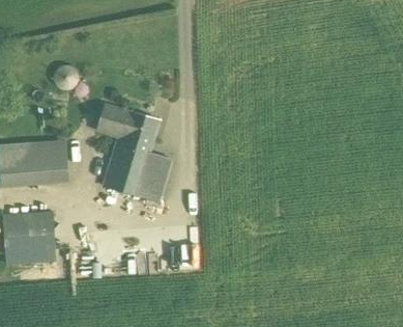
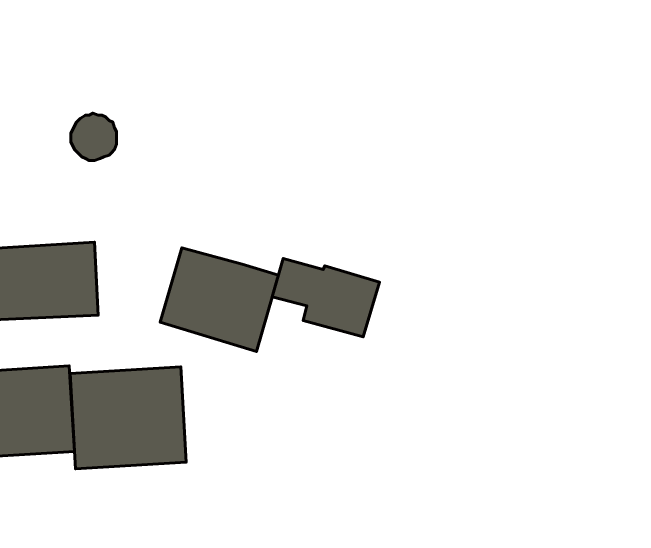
building: [98,108,160,153] -> [272,259,380,337]
building: none -> [70,367,186,469]

